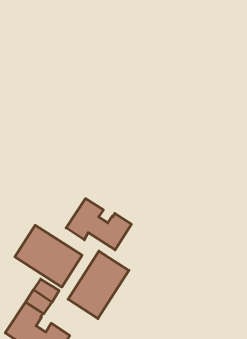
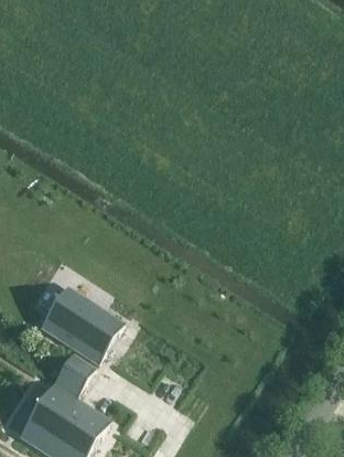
building: [66,199,131,250] -> none
building: [68,251,129,319] -> none

